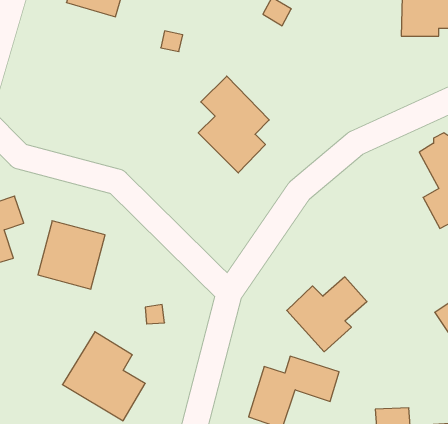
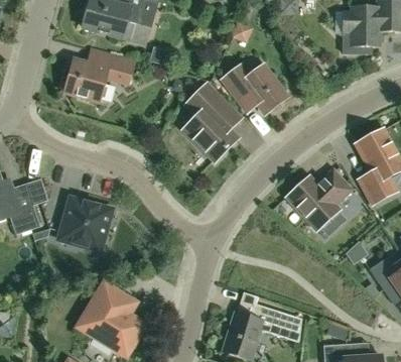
building: none -> [64,54,134,101]
building: none -> [223,63,287,113]
building: [287,277,367,352] -> [288,169,351,228]

